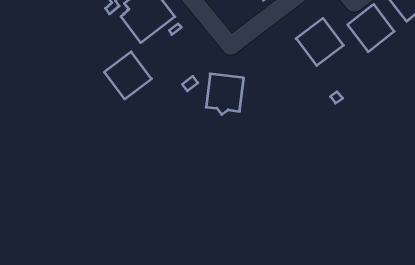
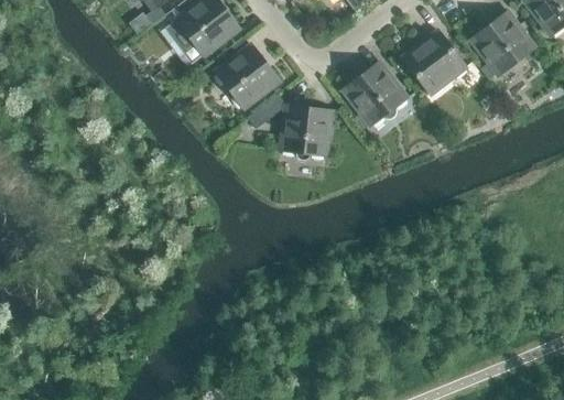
building: none -> [344,62,408,125]
building: [104,52,152,99] -> [216,44,280,108]

